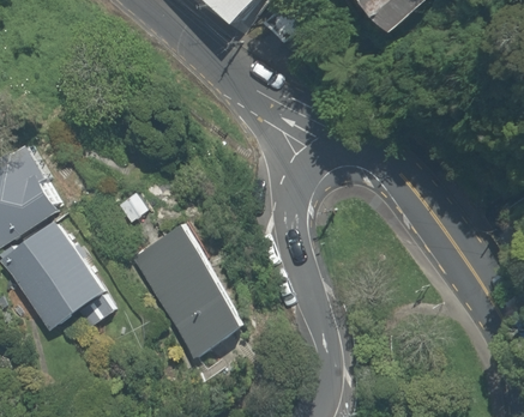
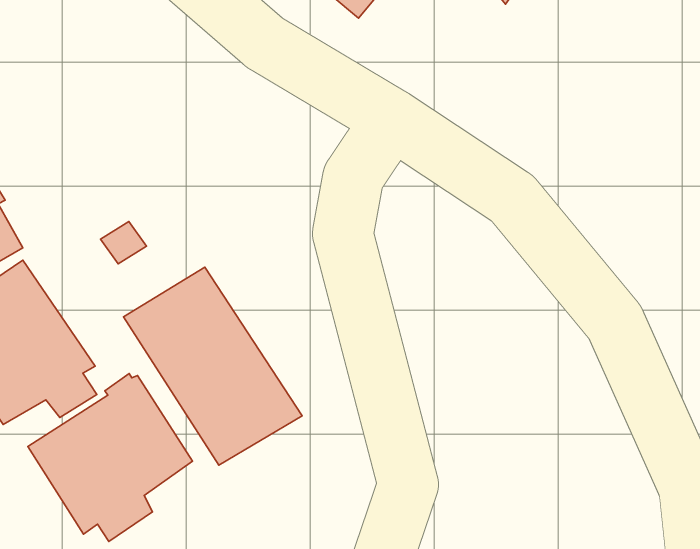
building: none -> [28,374,193,542]

